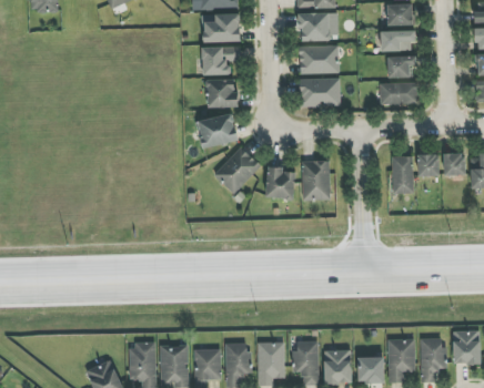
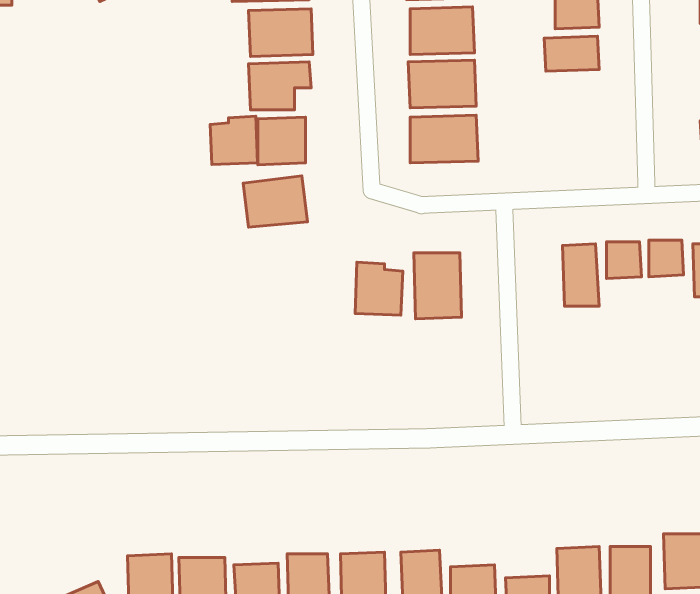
building: [386,55,415,78] -> none
building: none -> [210,116,257,165]
building: [379,82,416,104] -> none
building: [213,146,260,194] -> none

